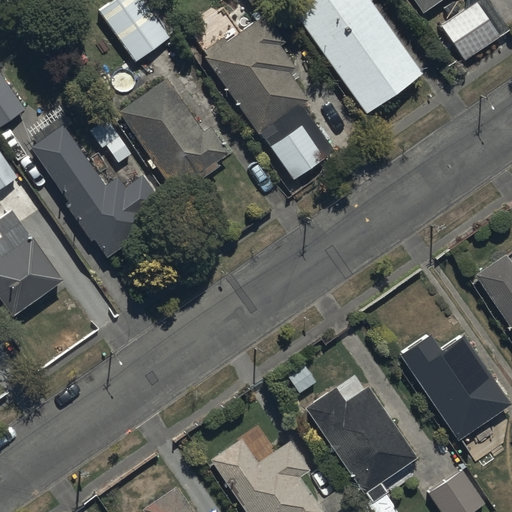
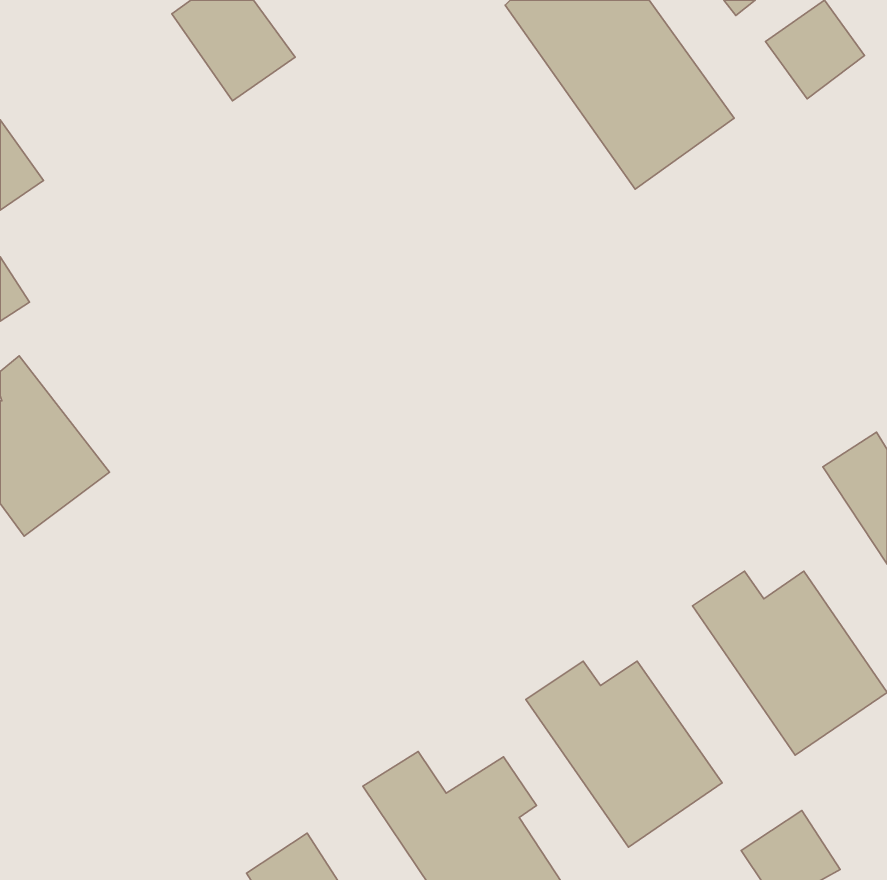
building: [203,13,335,179] -> none
building: [117,77,229,188] -> none
building: [30,123,171,256] -> none

